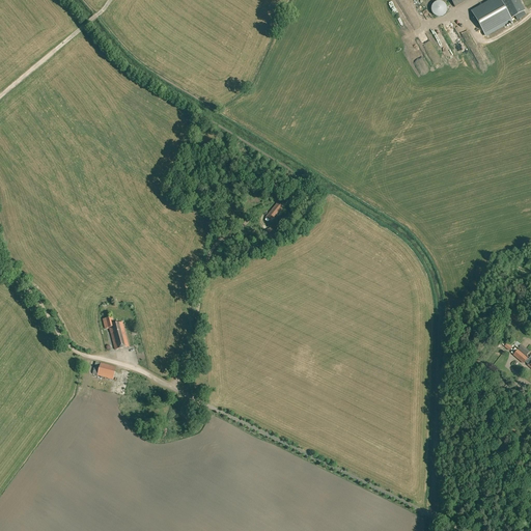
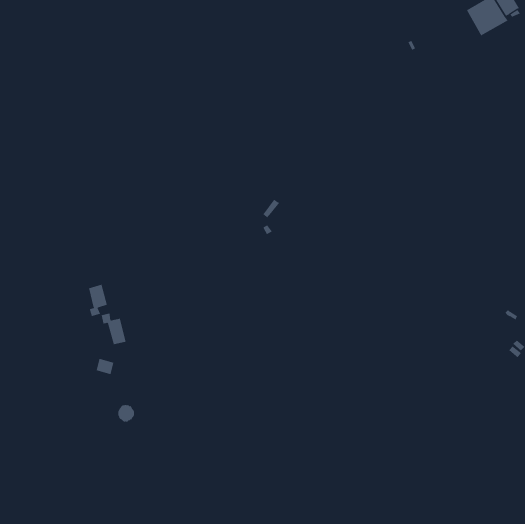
building: none -> [89,284,107,317]

